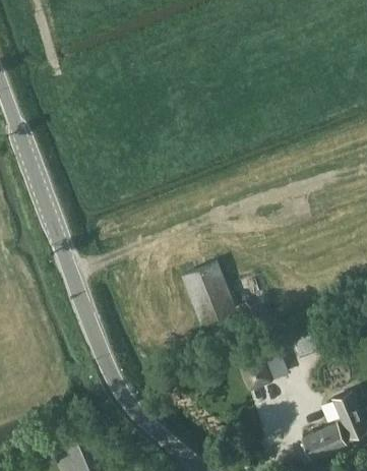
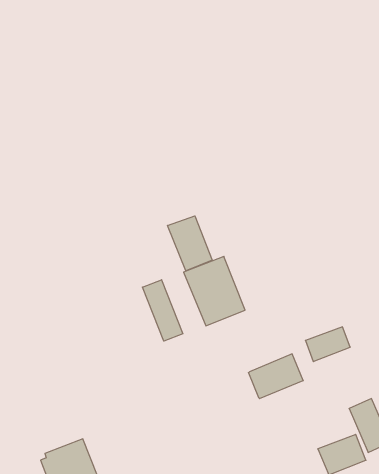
building: none -> [168,216,212,271]
building: none -> [142,280,183,341]

